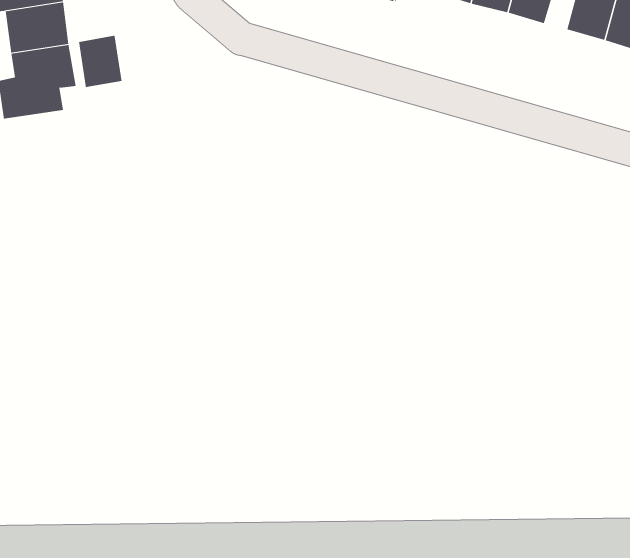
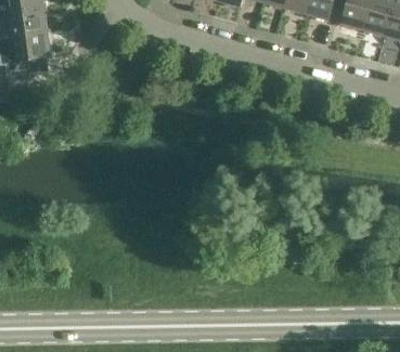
building: [78,35,122,88] -> none

